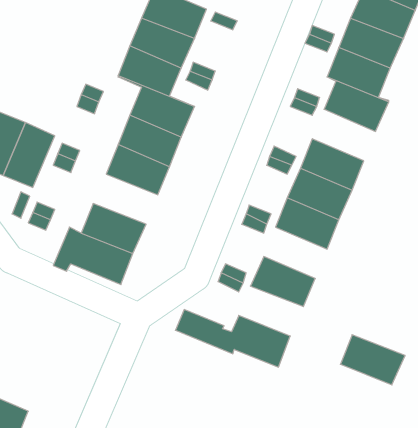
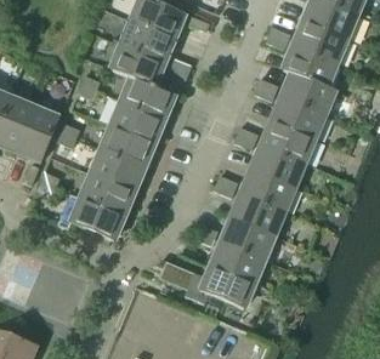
building: none -> [272,96,324,138]
building: none -> [91,149,144,190]
building: none -> [232,193,284,235]
building: [340,335,405,385] -> [211,241,265,283]

